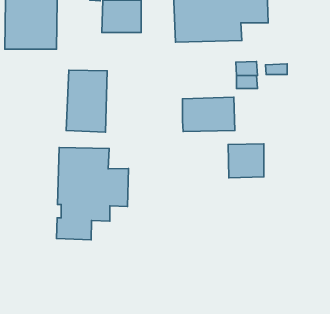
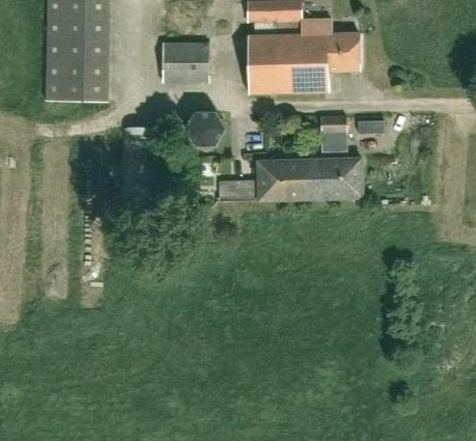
building: none -> [180,114,222,150]
building: none -> [218,180,258,200]
building: [228,144,264,178] -> [318,157,361,197]
building: [56,147,129,240] -> none

